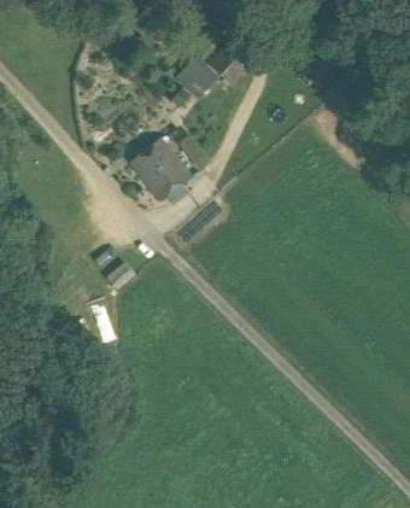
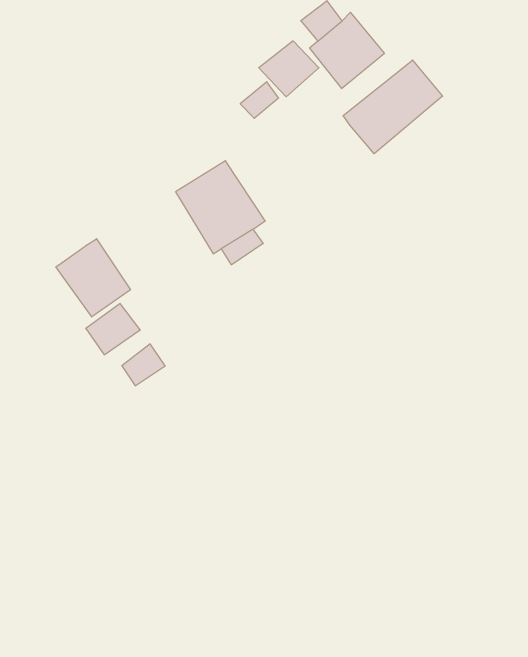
building: none -> [343,60,443,154]
building: none -> [56,239,130,317]

